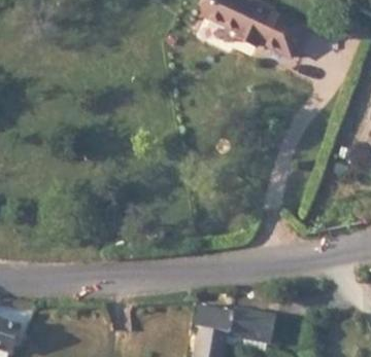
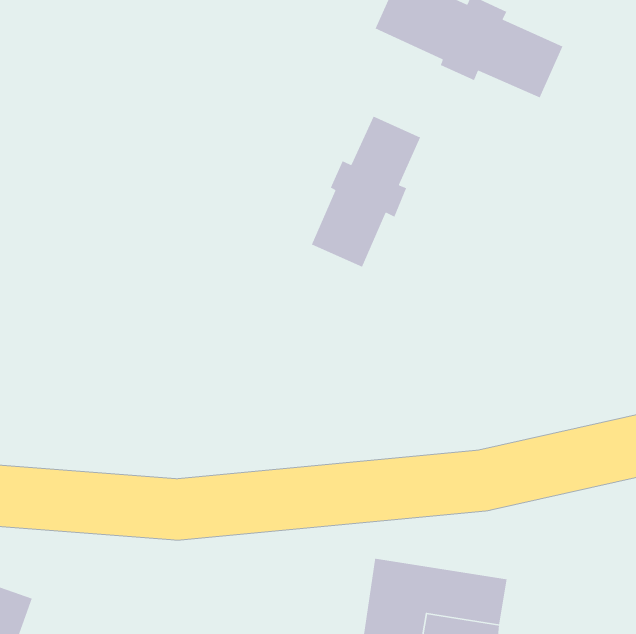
building: none -> [311,115,421,268]

